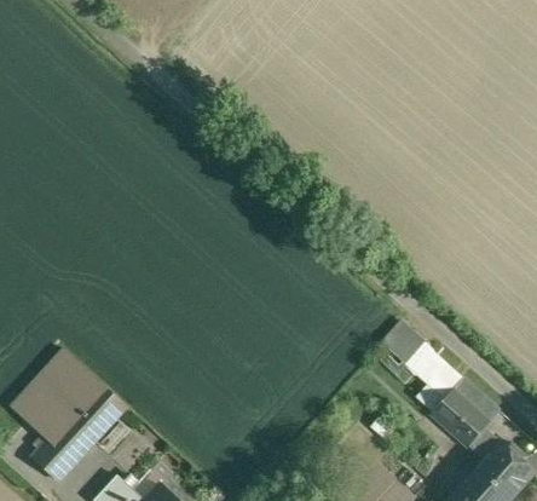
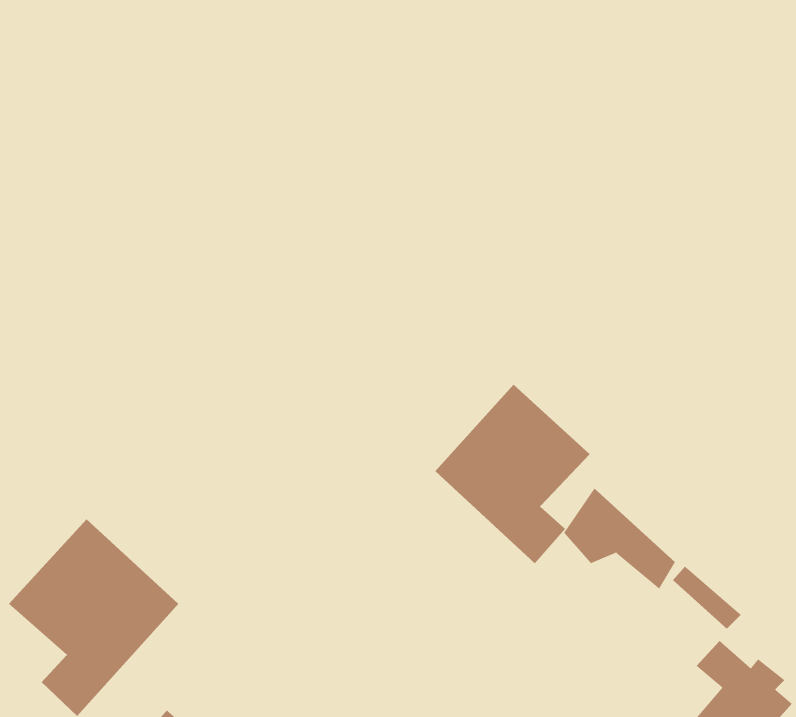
building: none -> [434,384,591,564]
building: [429,388,487,445] -> none

